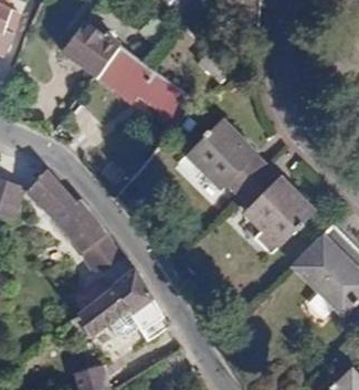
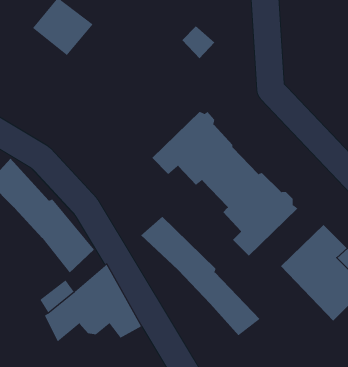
building: [93,45,197,135] -> none
building: none -> [140,216,260,336]

